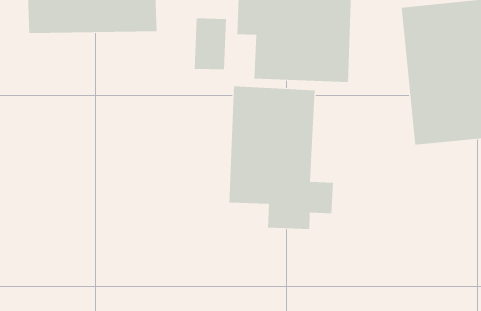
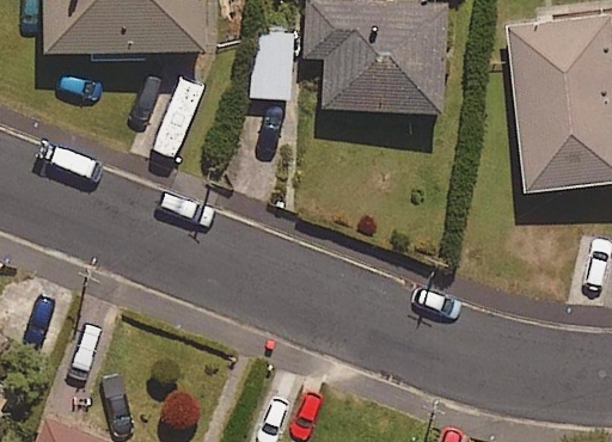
building: [229,86,333,230] -> none

